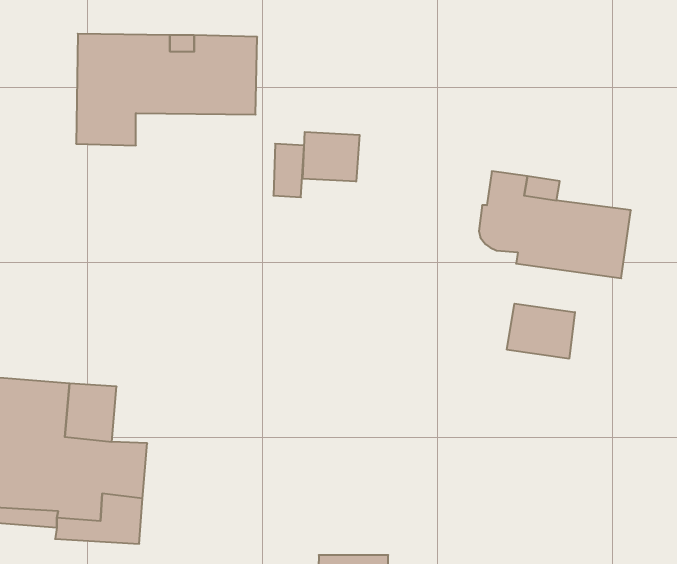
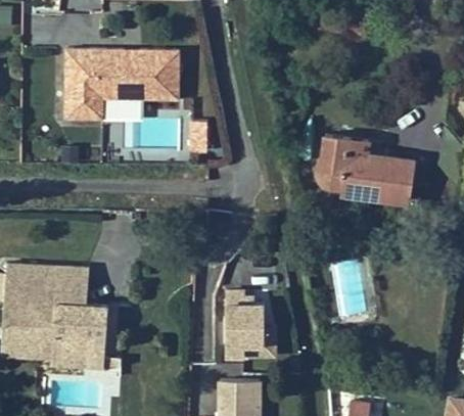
building: [303,132,360,182] -> none
building: [507,304,575,359] -> none
building: none -> [223,289,276,358]

